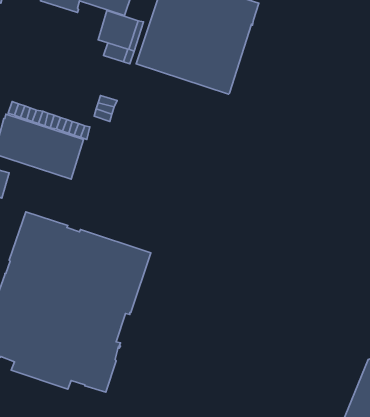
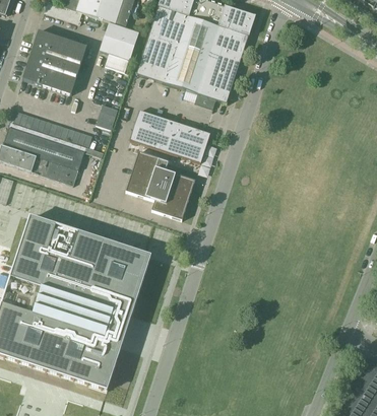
building: none -> [22,29,86,93]
building: none -> [130,110,210,162]
building: none -> [125,150,194,219]

